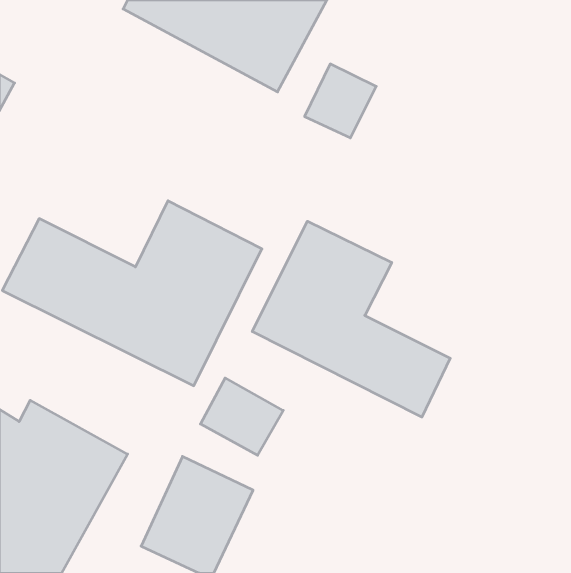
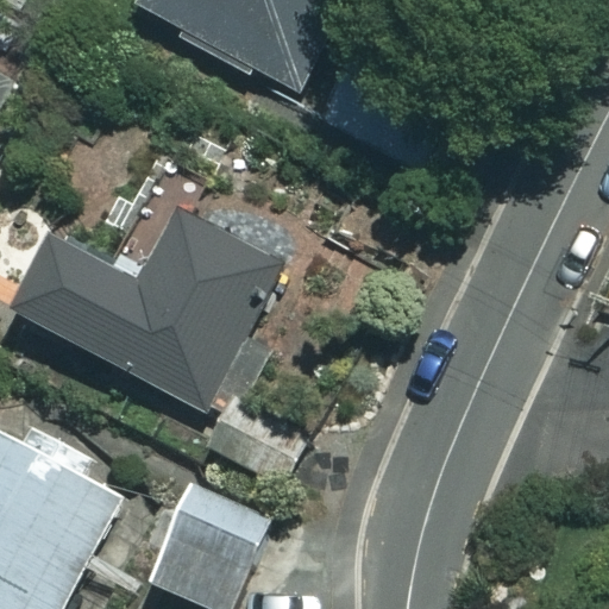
building: [252,221,450,417] -> none

